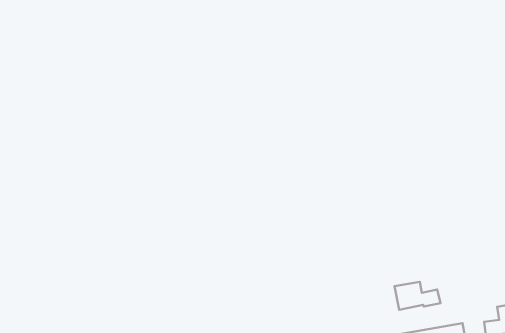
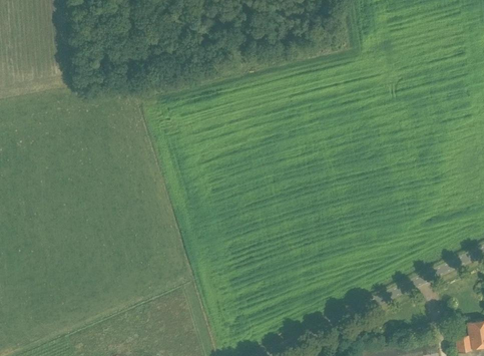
building: [394,282,440,310] -> none

